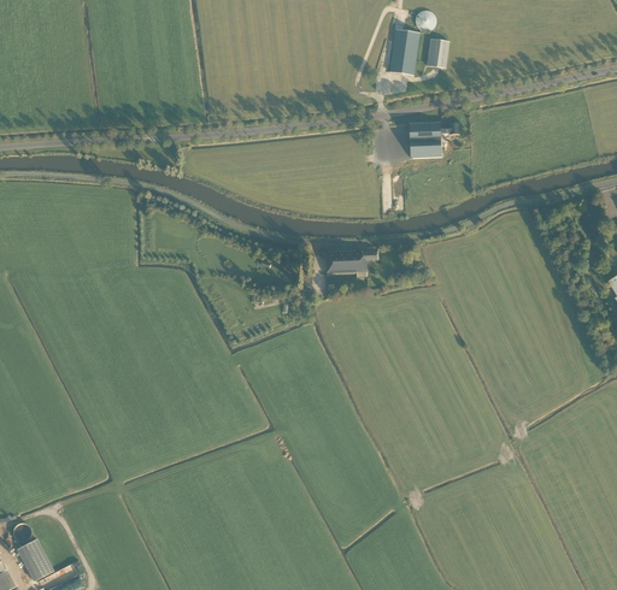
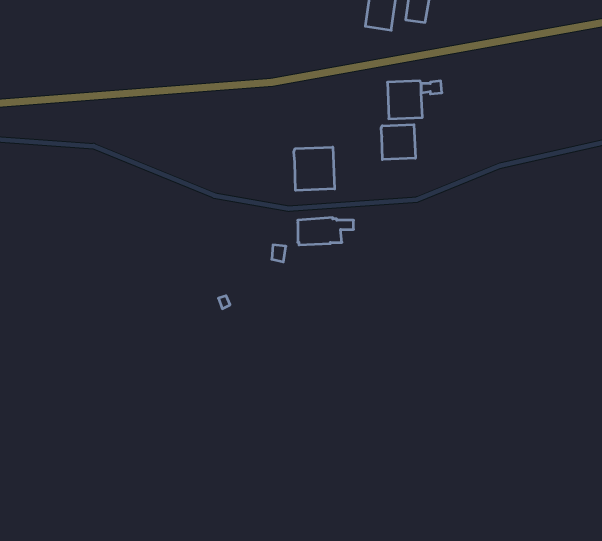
building: none -> [381,125,415,160]
building: none -> [294,147,335,190]

